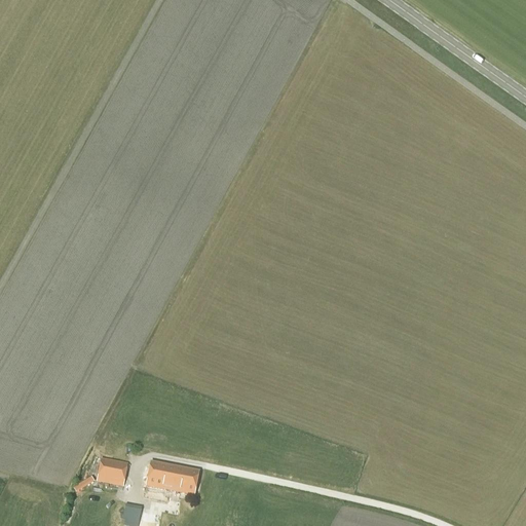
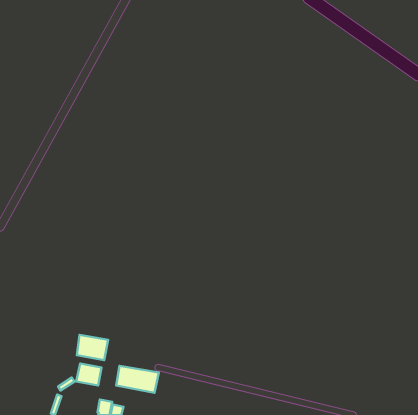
building: none -> [77,335,108,360]

